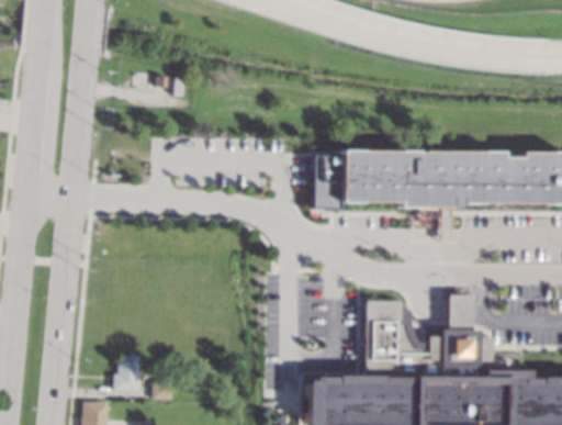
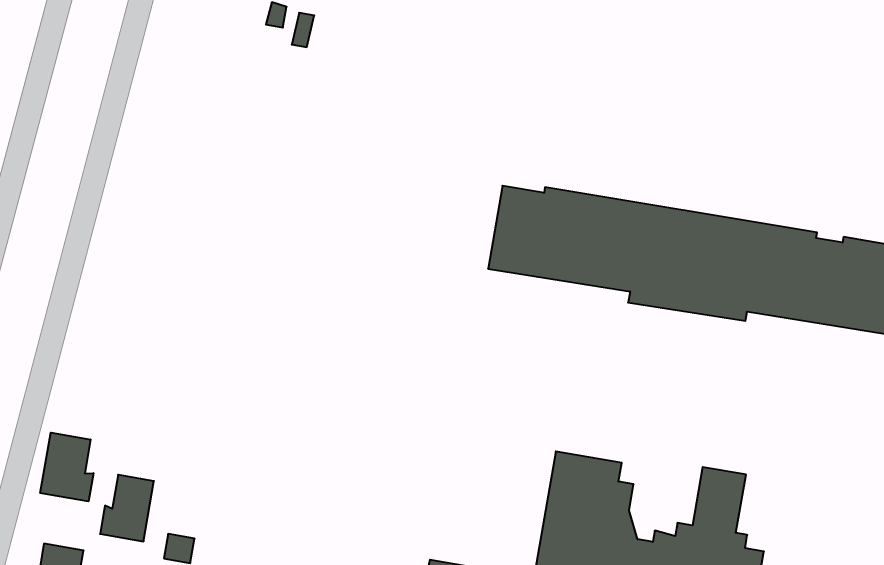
building: none -> [40,433,93,501]

